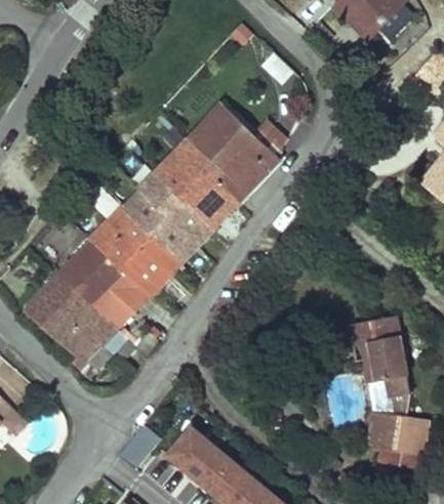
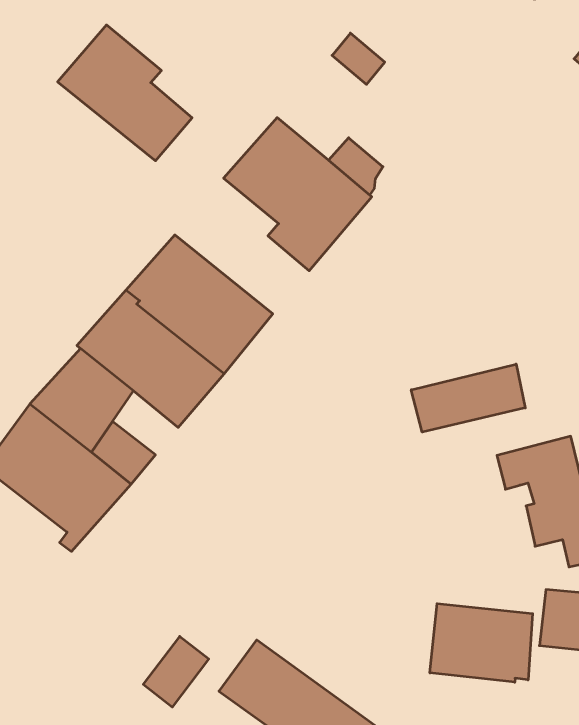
building: [155,140,238,227] -> [58,25,192,161]
building: none -> [411,364,525,432]
building: [109,270,150,311] -> none
building: none -> [430,604,533,682]

